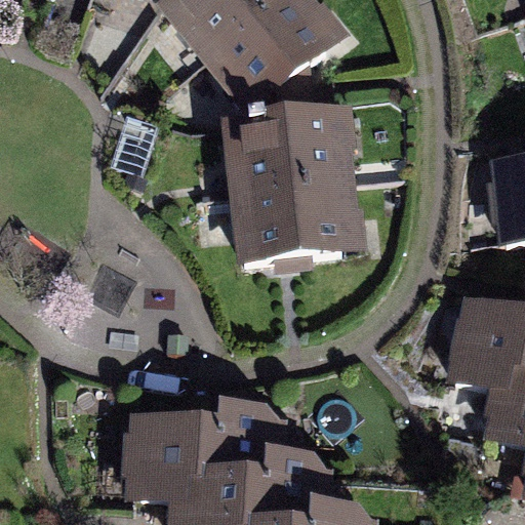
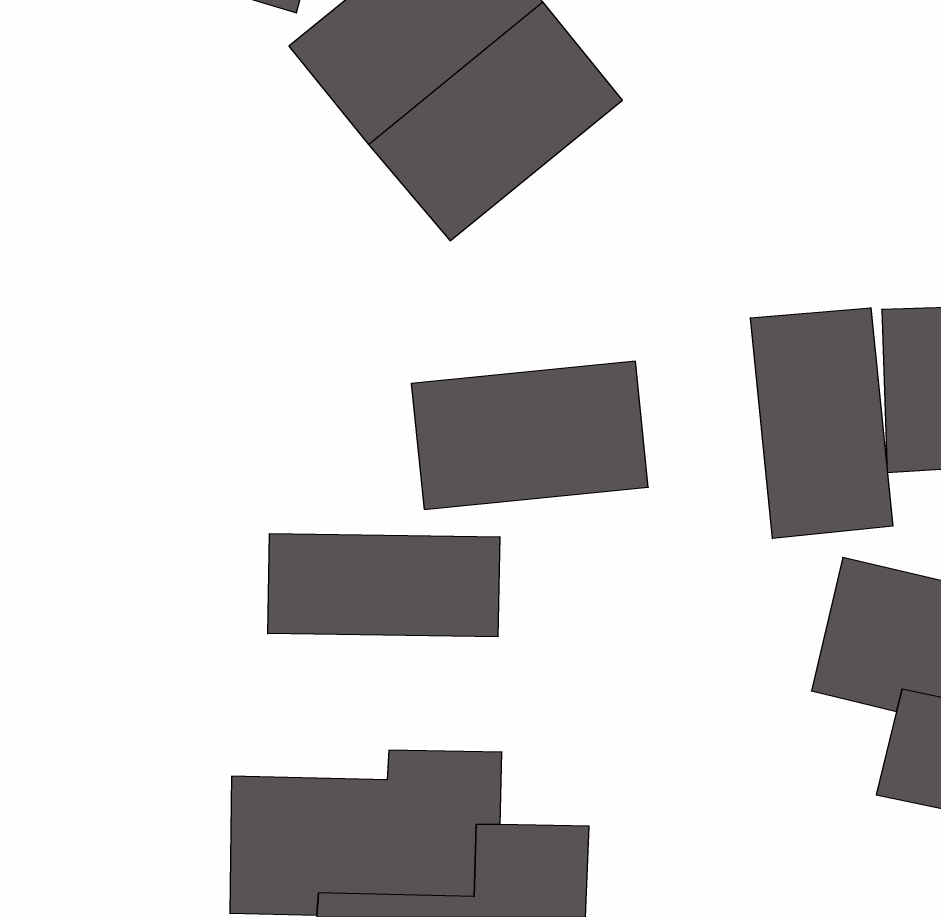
building: [224,130,355,212] -> none
building: none -> [751,308,893,539]
building: none -> [268,534,500,637]

